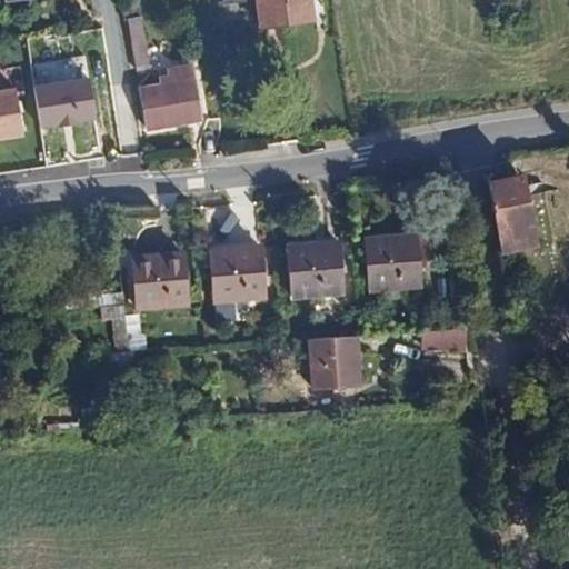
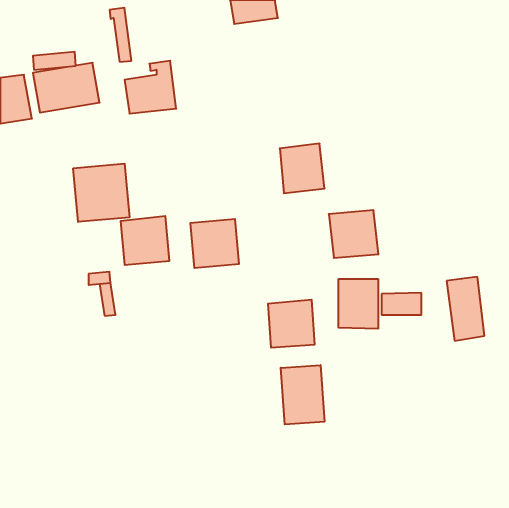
building: [488,179,530,250] -> [447,277,484,341]
building: none -> [73,164,129,222]
building: [292,240,342,296] -> [280,144,325,193]
building: none -> [339,279,378,329]
building: none -> [281,365,324,424]

